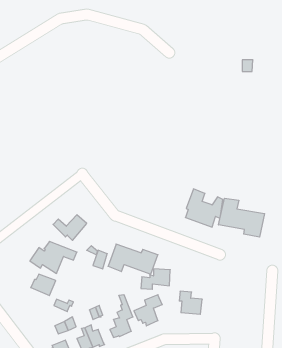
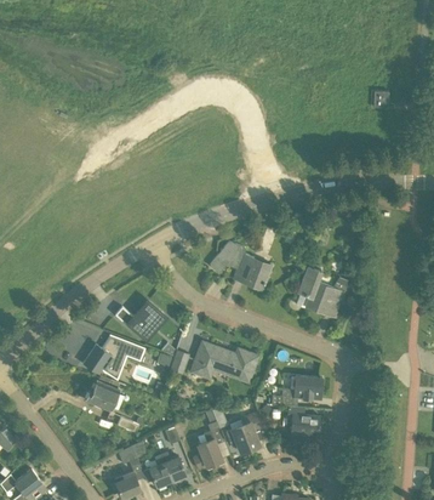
building: none -> [210,242,270,291]
building: [219,198,265,237] -> none
building: [141,269,170,289] -> [281,377,321,405]

